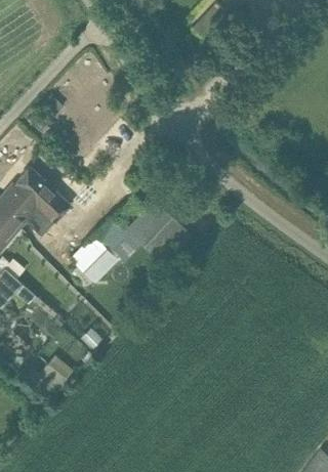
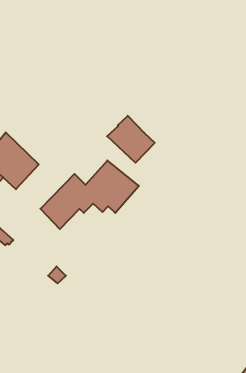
building: none -> [107,116,155,163]

